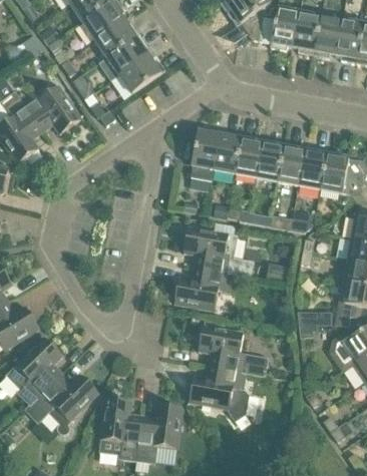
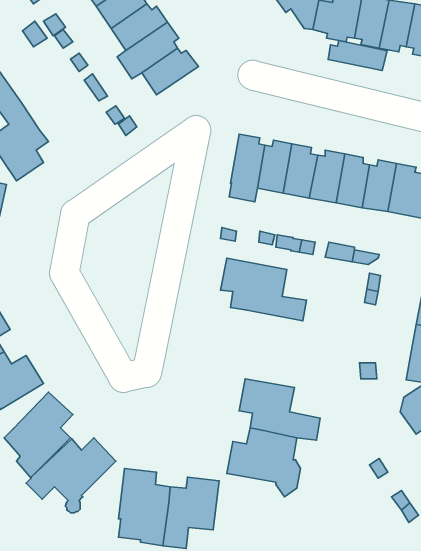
building: none -> [328,41,387,71]
building: [21,85,81,133] -> none
building: [174,269,231,311] -> none

